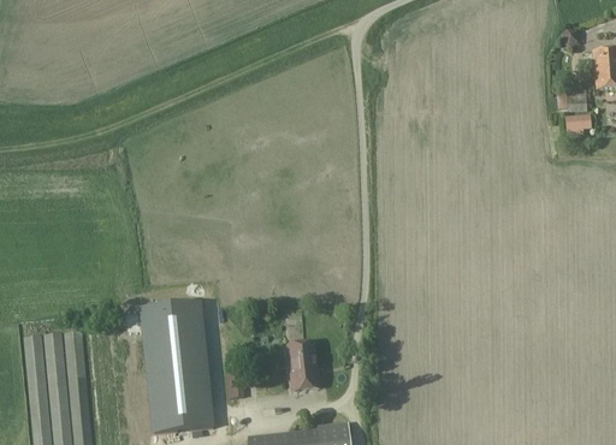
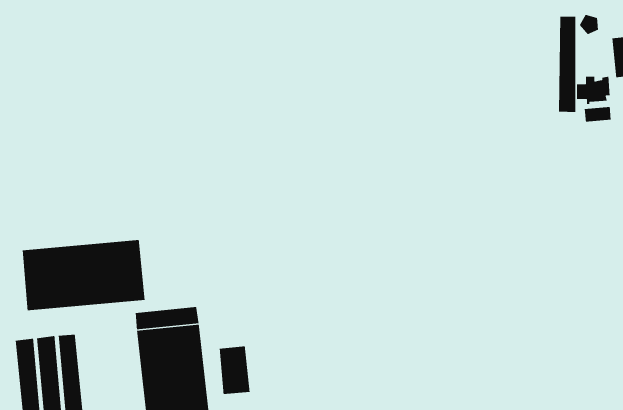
building: none -> [558,16,576,113]
building: none -> [22,239,146,311]
building: [290,343,320,390] -> [219,346,251,395]

